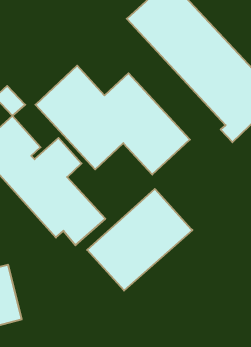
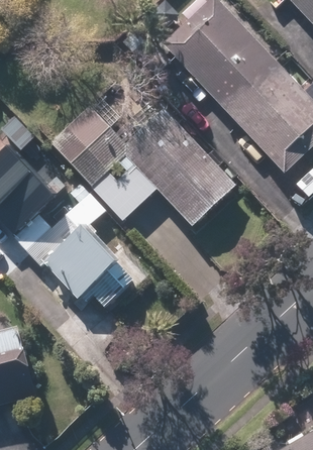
building: [87,189,192,291] -> none

